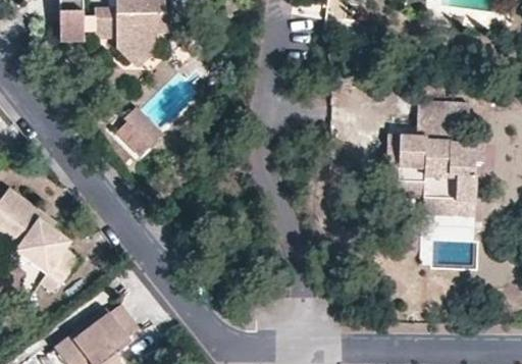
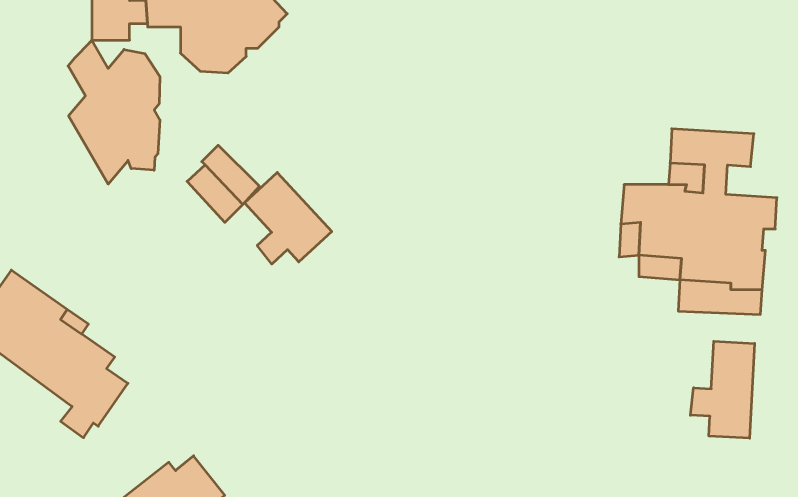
building: none -> [68,40,160,184]
building: none -> [244,172,332,264]
building: none -> [690,341,755,438]

